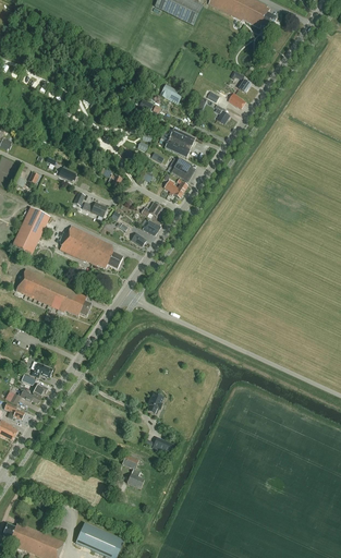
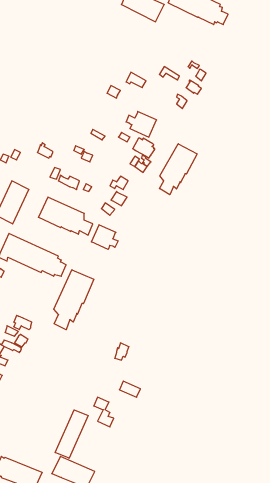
building: none -> [159,144,197,195]
building: none -> [91,225,118,249]
building: none -> [54,270,94,330]
building: none -> [55,410,88,458]

